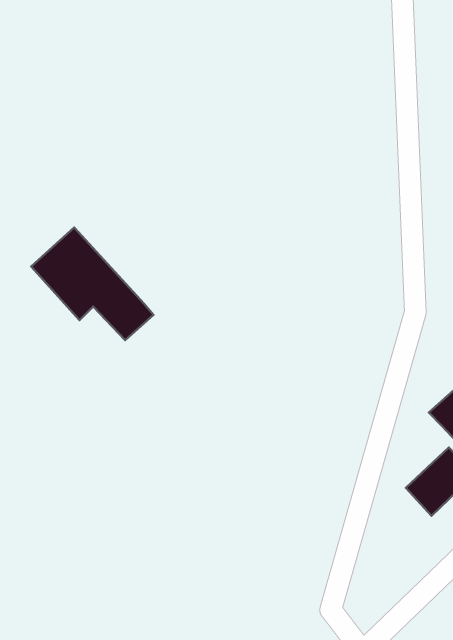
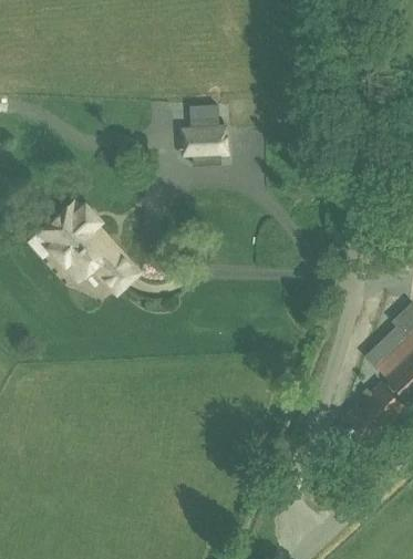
building: none -> [185,104,226,165]

